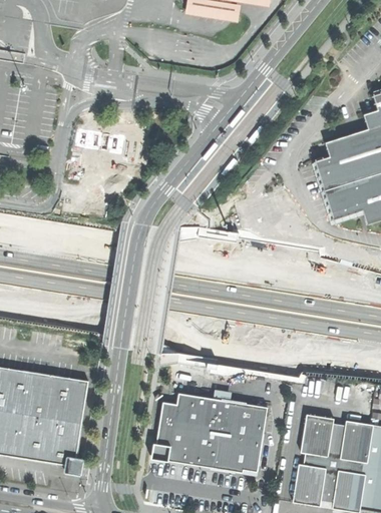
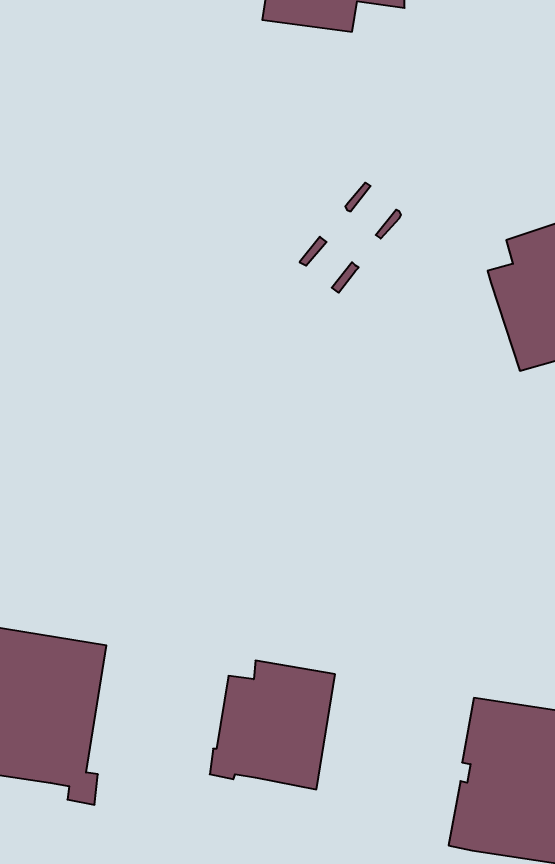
building: [214,399,266,471] -> none

